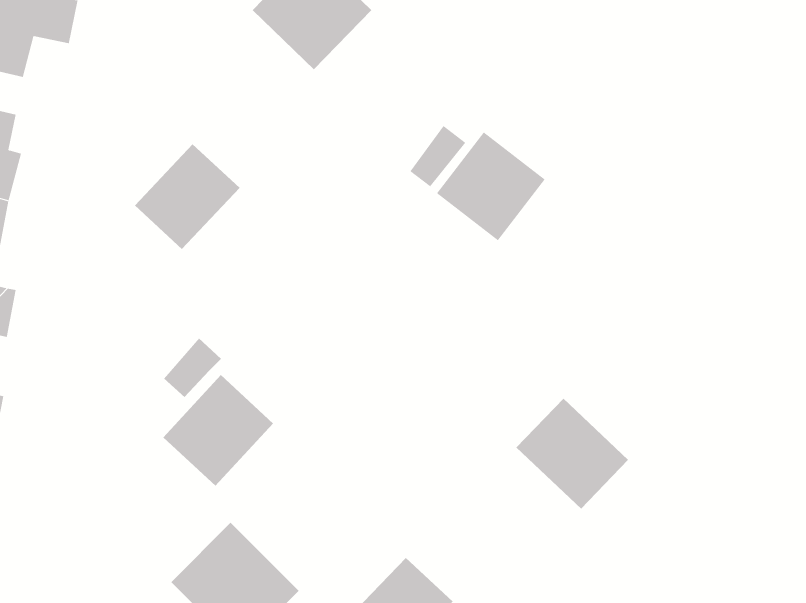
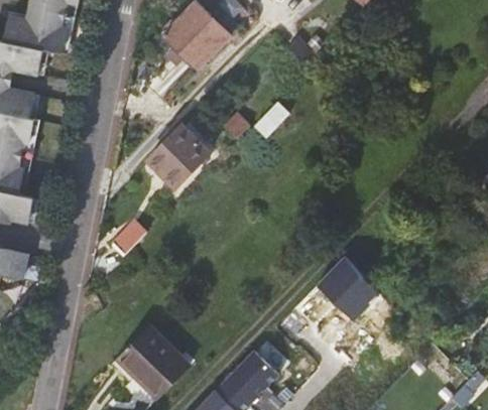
building: [436,132,546,241] -> none
building: [134,144,240,250] -> [146,127,207,187]
building: [163,374,274,487] -> none

